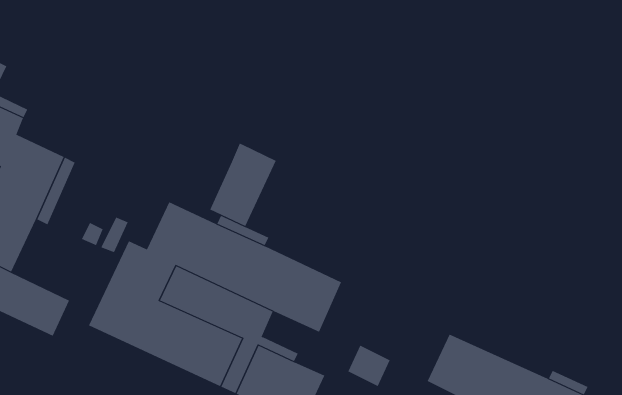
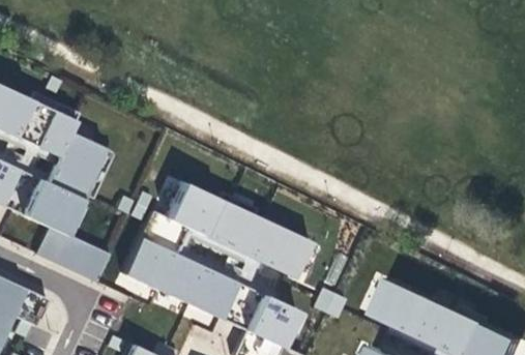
building: [210,143,276,227] -> none

